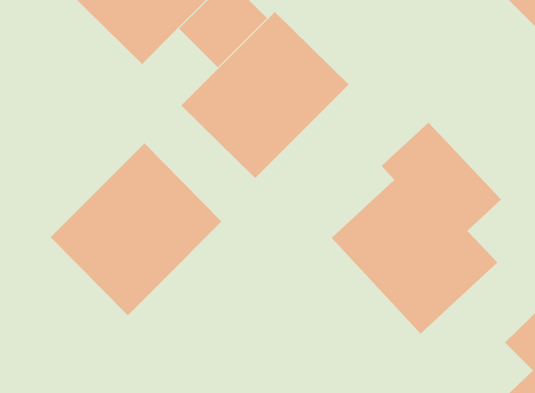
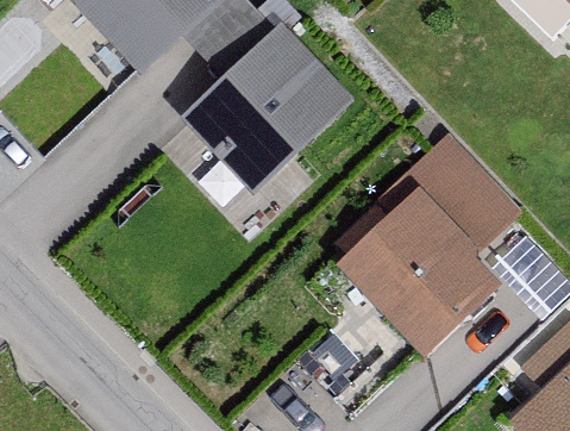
building: [50,143,222,316] -> none

